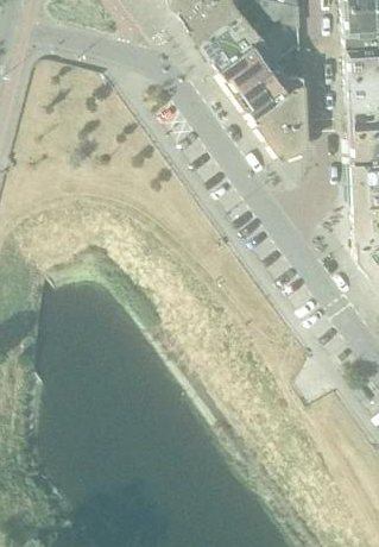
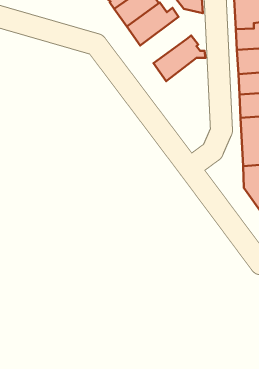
building: [220,32,282,94] -> none
building: [254,87,309,158] -> none

